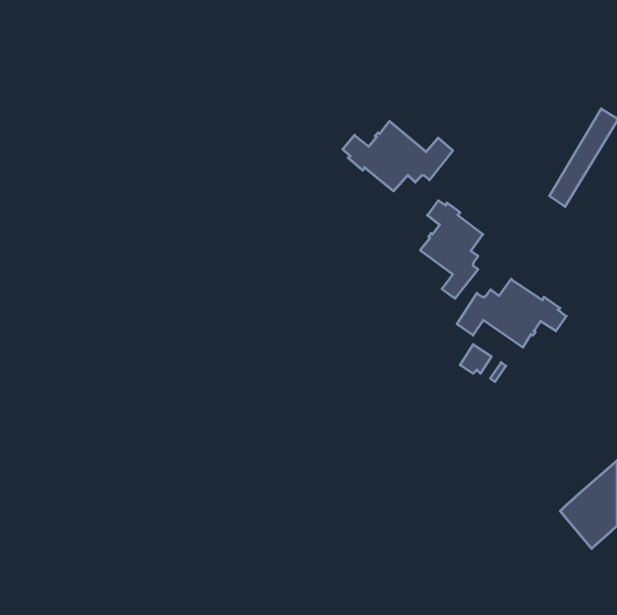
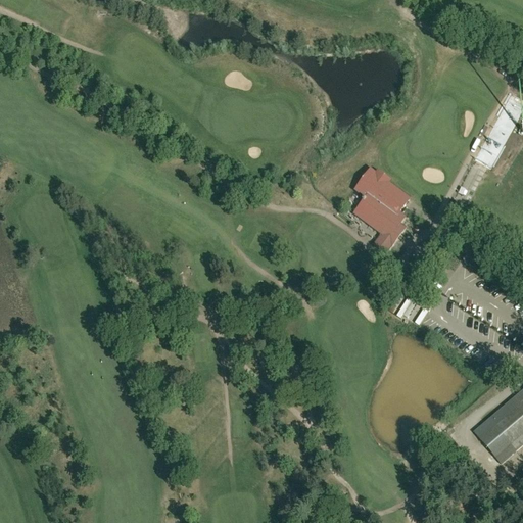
building: [343,121,453,191] -> none
building: [457,279,566,347] -> none

